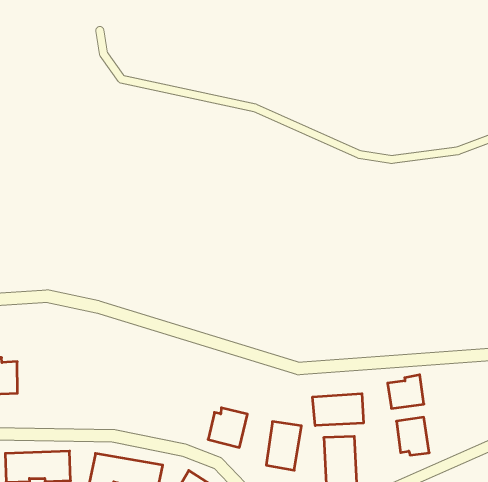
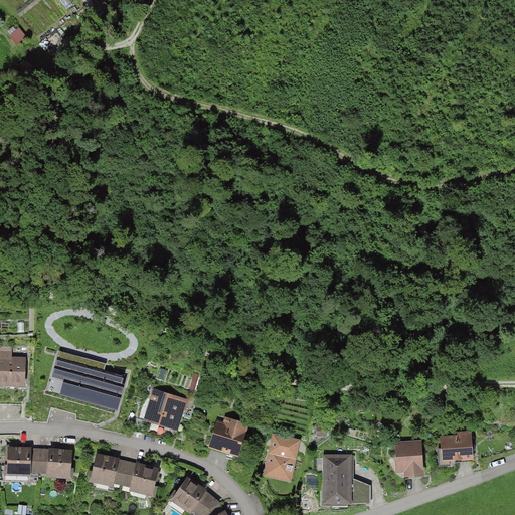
building: none -> [51,350,128,410]
building: [388,375,424,408] -> [439,430,473,461]
building: none -> [142,390,186,432]
building: [313,394,363,426] -> none

